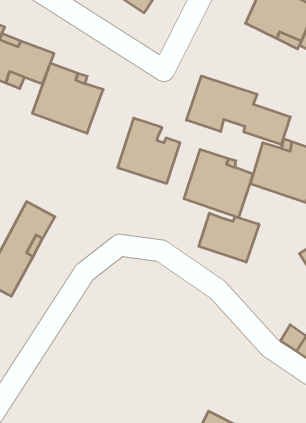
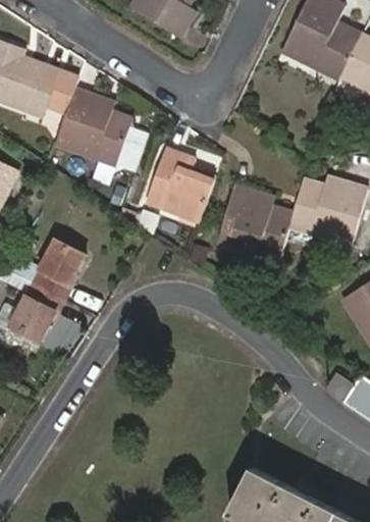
building: [186,76,290,145] -> none
building: [199,213,259,262] -> none

